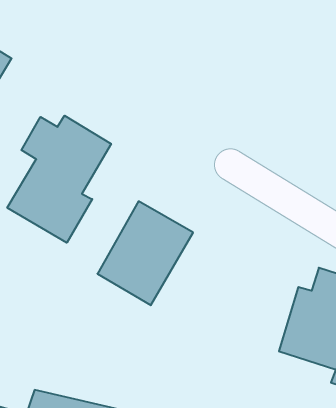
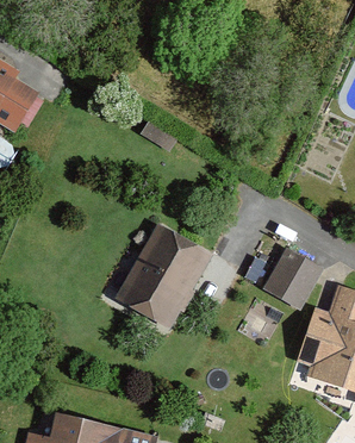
building: [7,116,111,243] -> none
building: none -> [262,251,318,307]

